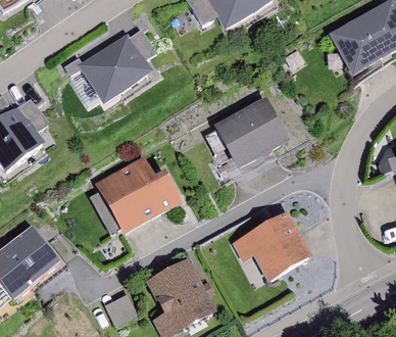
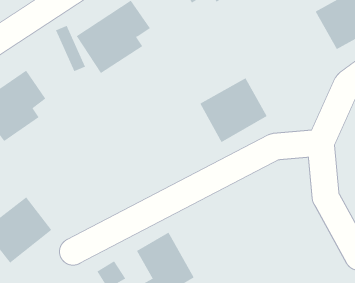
building: [89,160,175,237] -> none
building: [230,218,299,278] -> none

